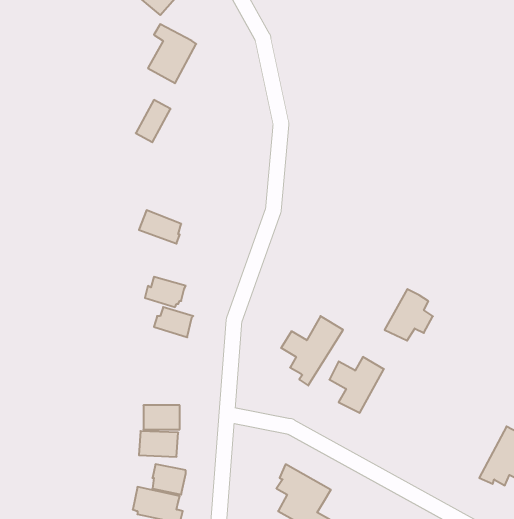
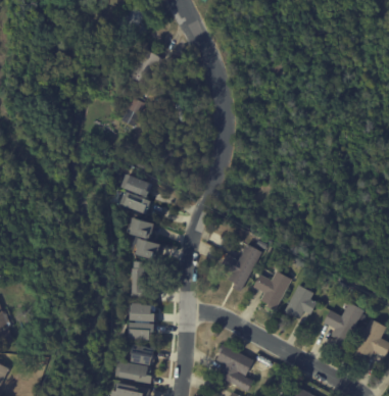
building: none -> [123,189,153,212]
building: [385,289,433,341] -> [282,286,314,320]
building: none -> [128,260,143,296]
building: none -> [324,302,363,348]

